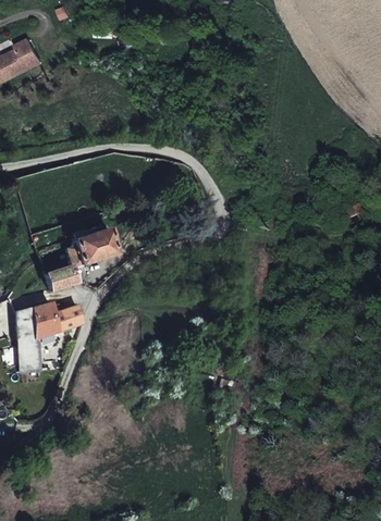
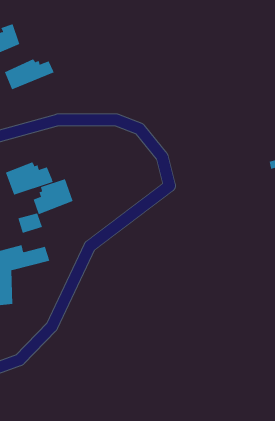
building: none -> [4,58,54,90]
building: none -> [5,161,53,196]

